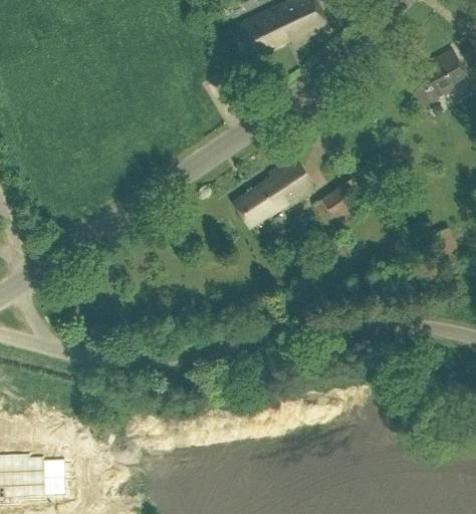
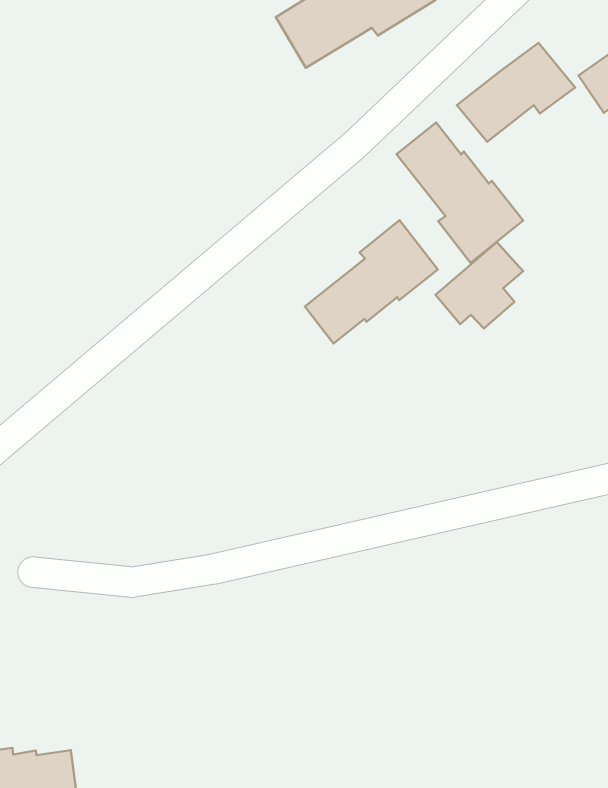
building: none -> [457,43,575,142]
building: none -> [397,122,523,263]

